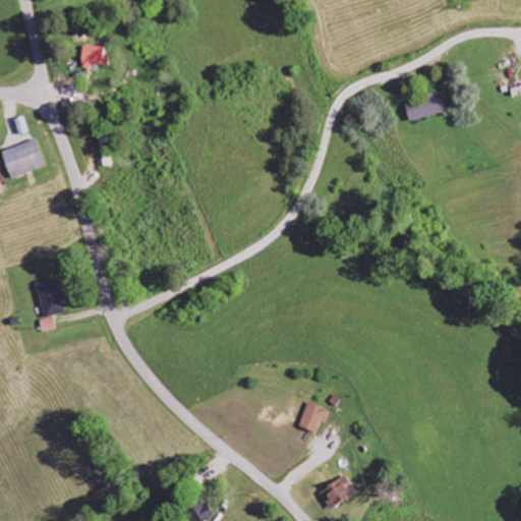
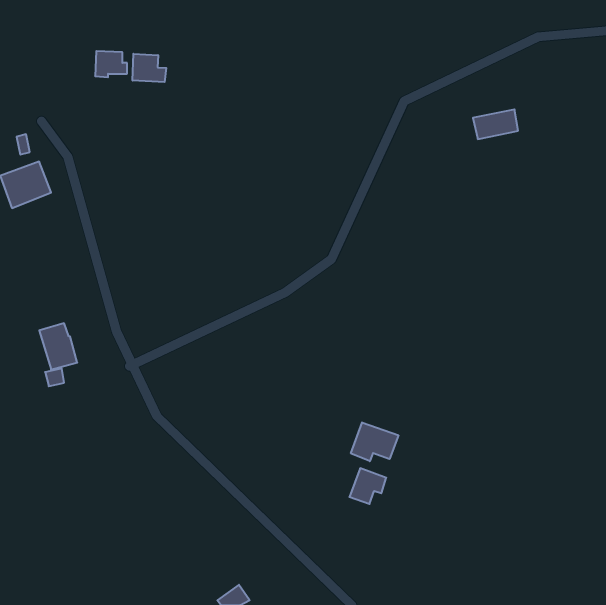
building: none -> [133,54,166,82]
building: none -> [351,422,398,461]
building: [320,473,356,508] -> none

